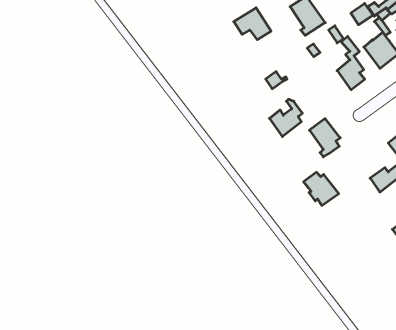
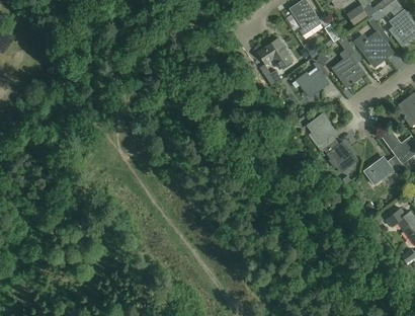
building: [234,8,271,40] -> [258,38,294,69]
building: [269,99,302,137] -> [298,62,329,97]
building: [304,172,339,205] -> [324,141,357,172]

